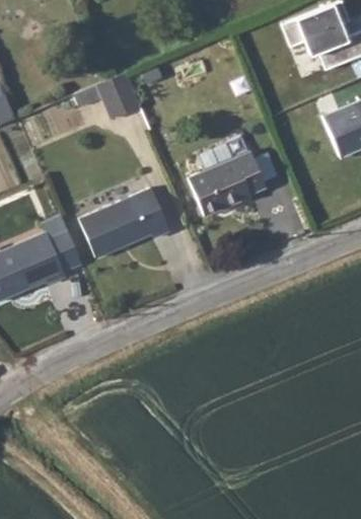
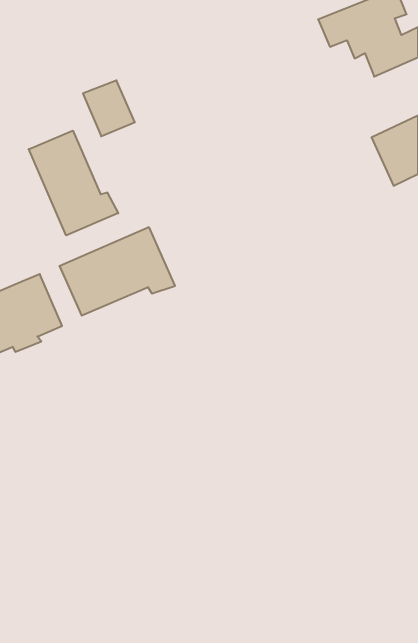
building: none -> [29,131,118,235]
building: [189,150,267,217] -> none

